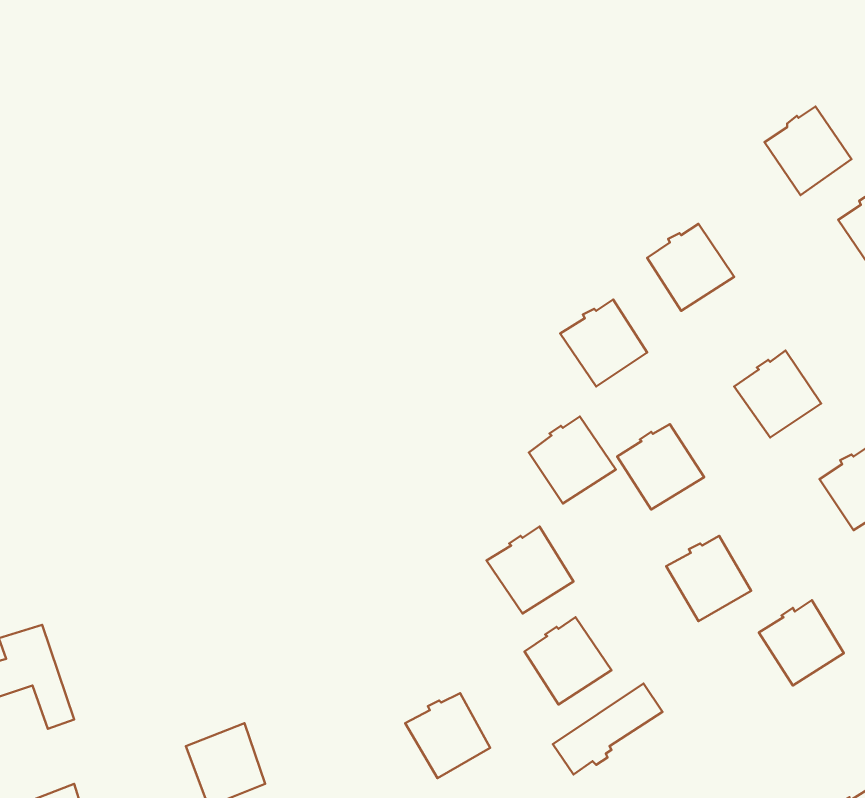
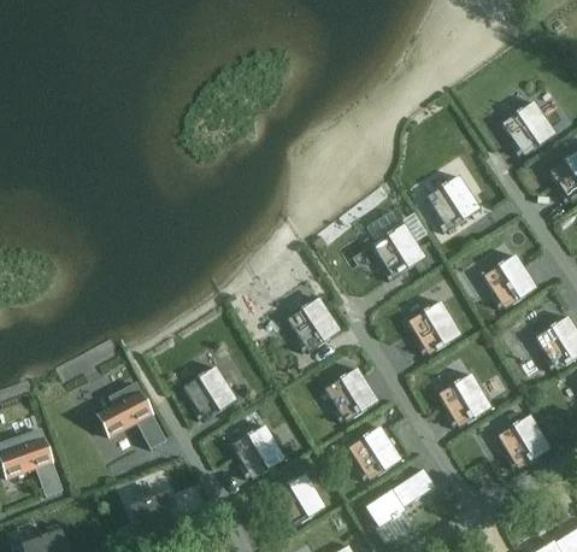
building: [529,417,616,504] -> [285,295,341,351]
building: none -> [182,364,236,419]
building: none -> [99,382,165,448]
building: none -> [230,423,285,477]

